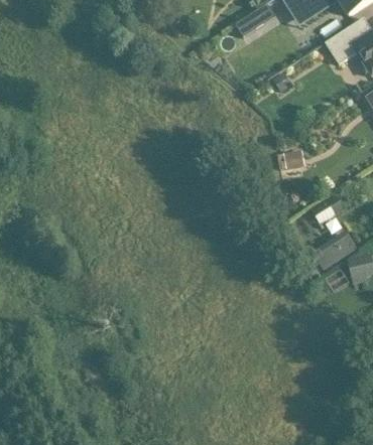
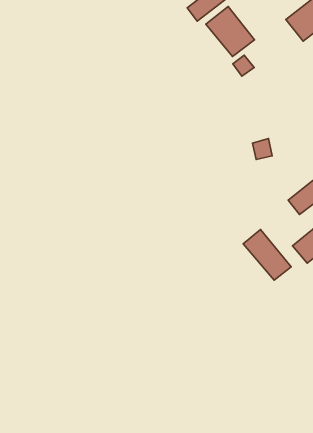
building: none -> [206,7,254,56]
building: none -> [243,230,291,280]

